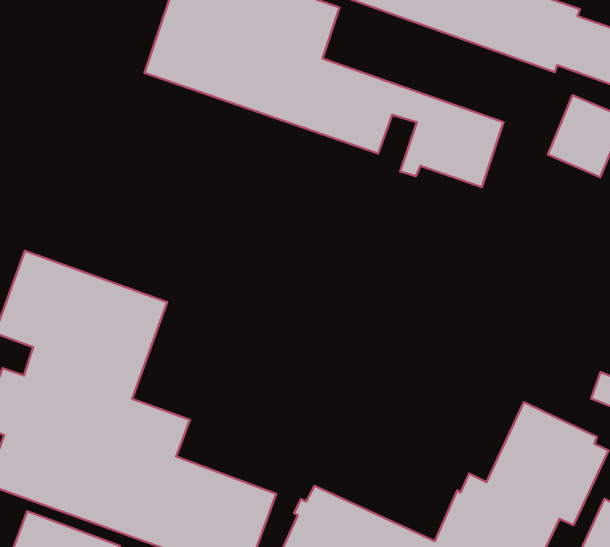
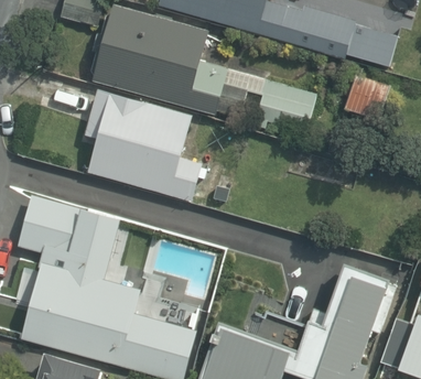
building: none -> [86,89,230,205]

